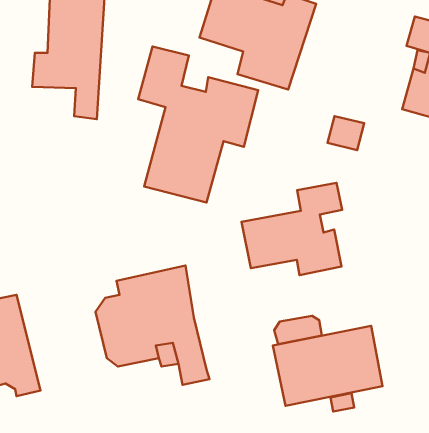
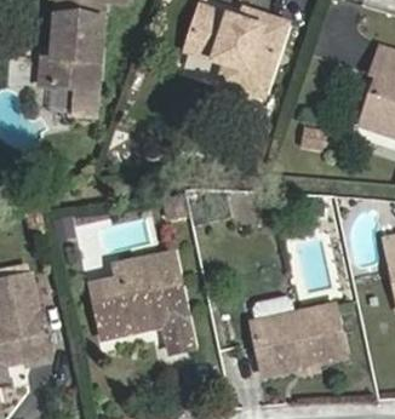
building: [138,46,258,202] -> none
building: [242,183,342,275] -> none

